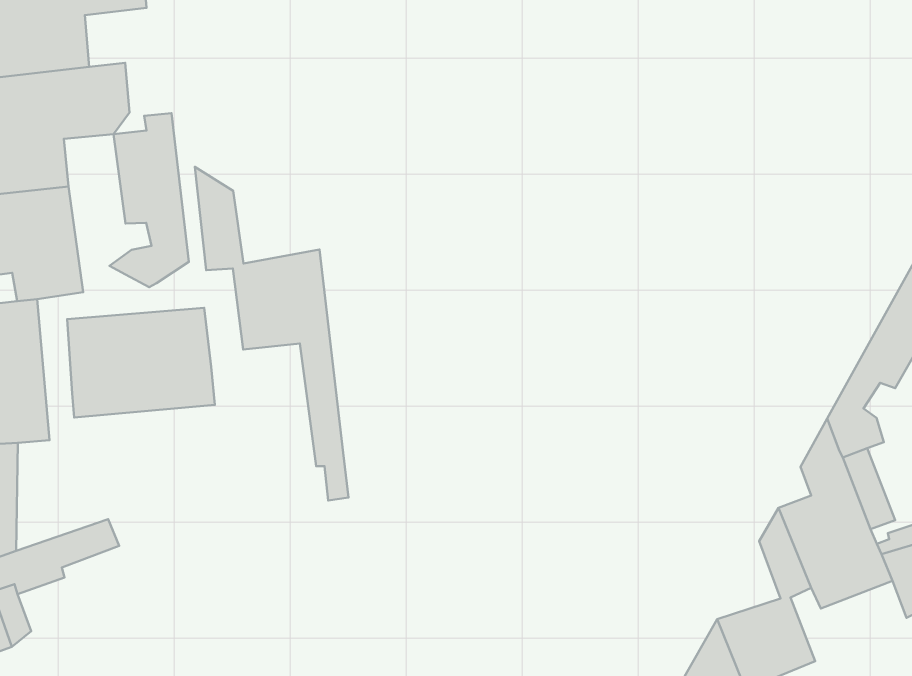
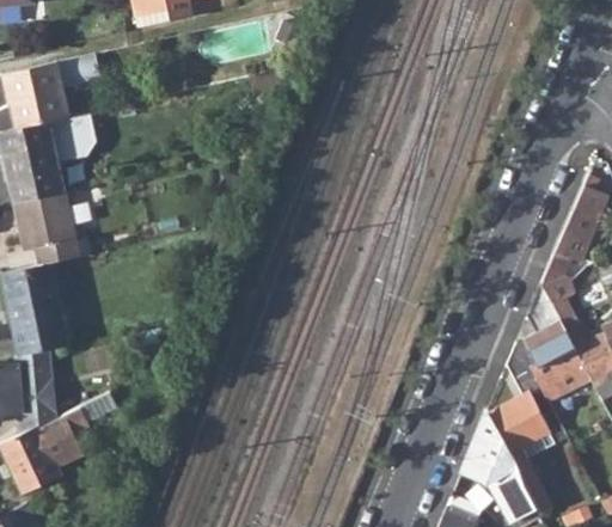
building: [110,113,189,287] -> none
building: [195,167,348,501] -> none
building: [67,308,215,418] -> none

